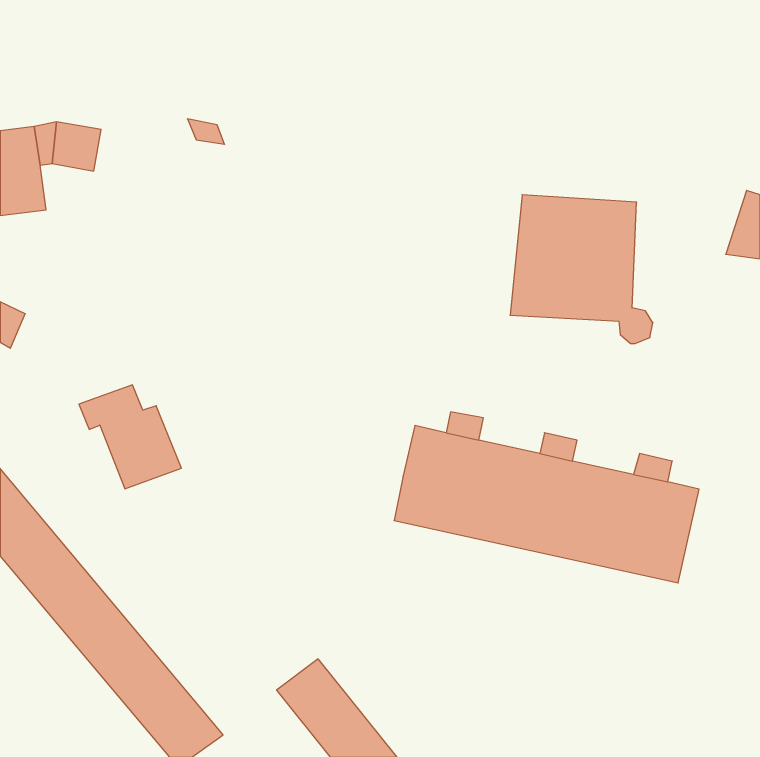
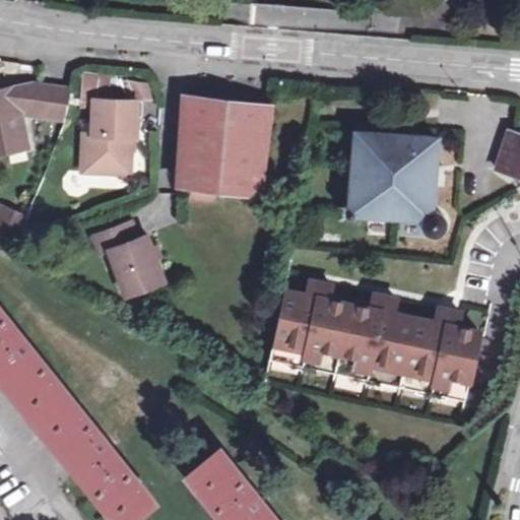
building: none -> [82,73,139,173]
building: none -> [177,94,271,202]
building: [79,385,181,489] -> [93,222,164,294]

